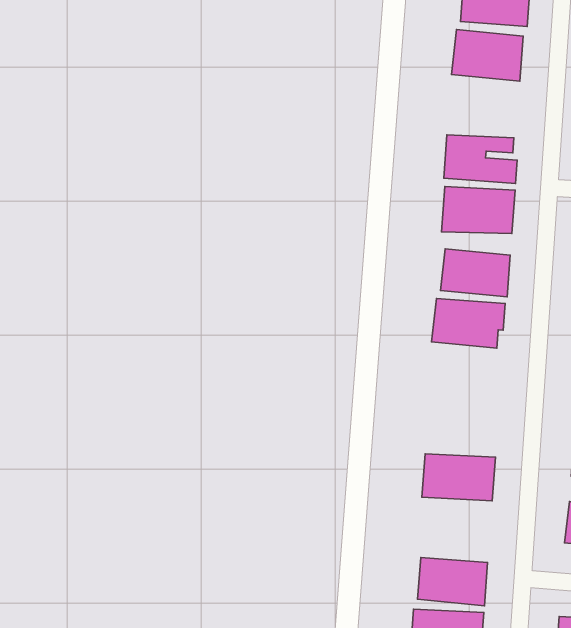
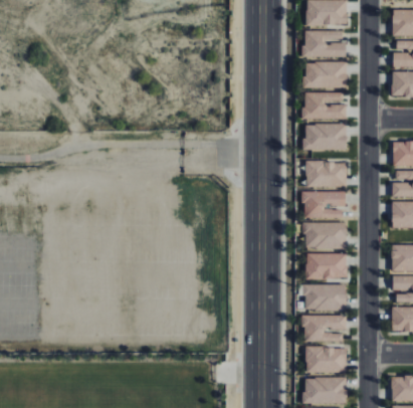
building: none -> [303,61,347,87]
building: none -> [303,222,346,248]
building: none -> [305,253,347,279]
building: none -> [302,315,346,342]

